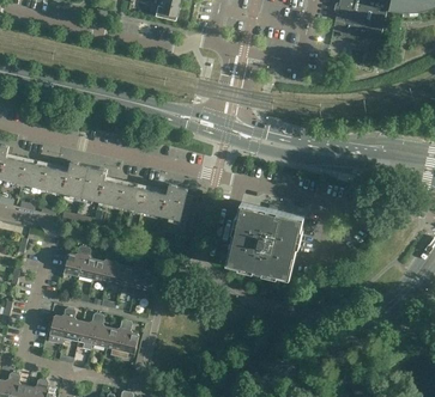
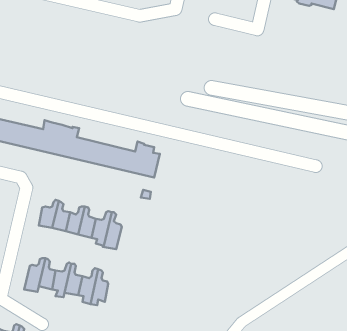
building: [226,202,303,277] -> none

